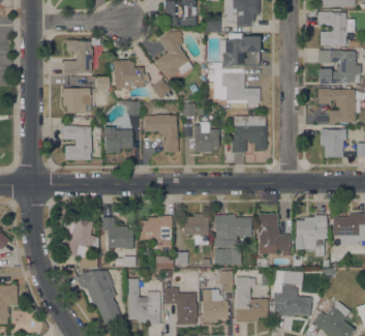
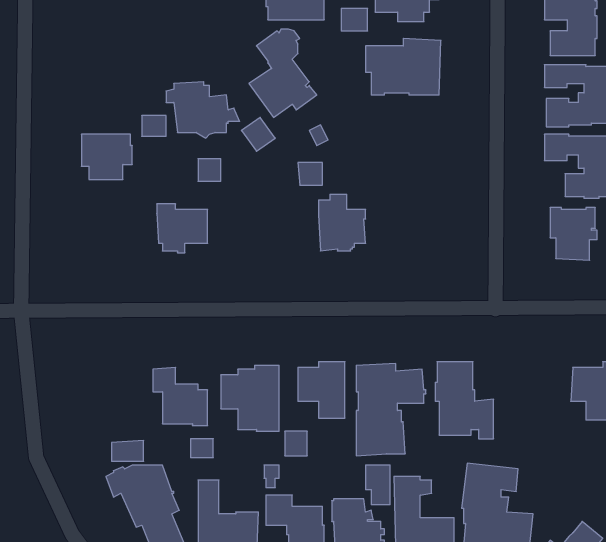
building: [63,39,92,73] -> none
building: [214,72,260,102] -> none
building: [145,114,178,152] -> none
building: [232,115,266,152] -> none
building: [62,125,91,159] -> none
building: [63,215,98,255] -> none
building: [295,215,327,255] -> none

